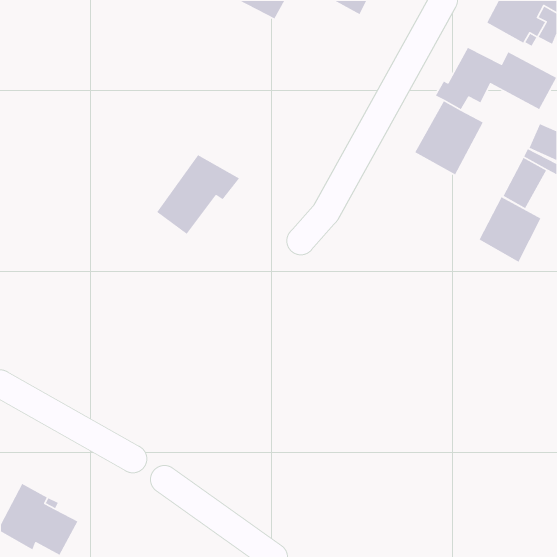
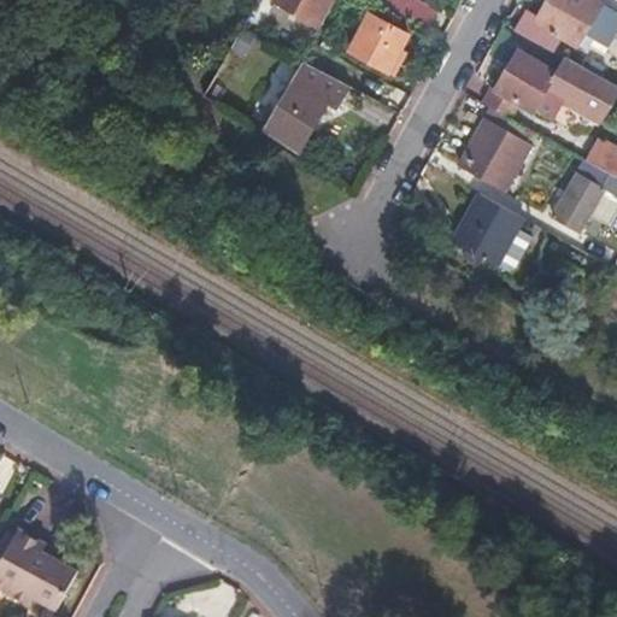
building: none -> [340,11,398,69]
building: [156,154,240,235] -> [260,63,353,152]
building: [478,196,542,263] -> [452,194,522,268]

